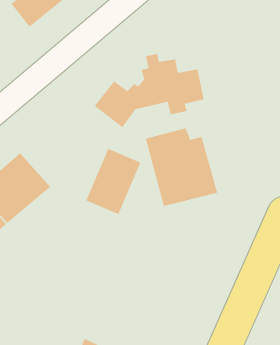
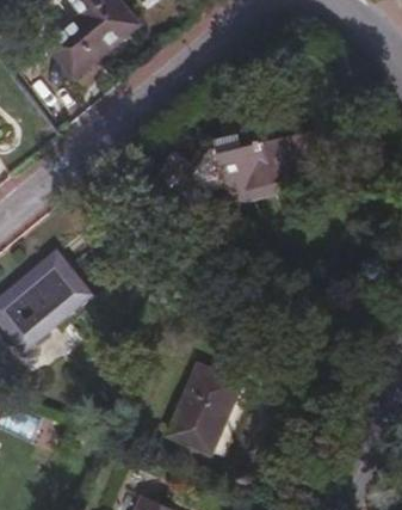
building: [145,127,218,207] -> none
building: [85,148,141,215] -> [171,365,245,454]

